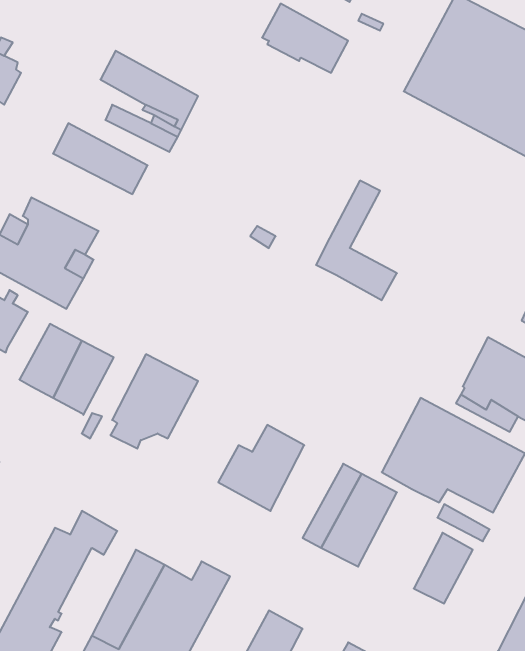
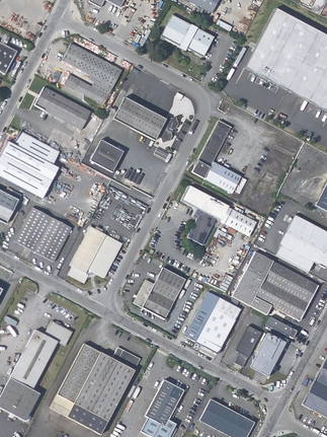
building: none -> [113,97,178,144]
building: none -> [91,138,125,170]
building: none -> [183,187,256,246]
building: none -> [235,325,261,366]

